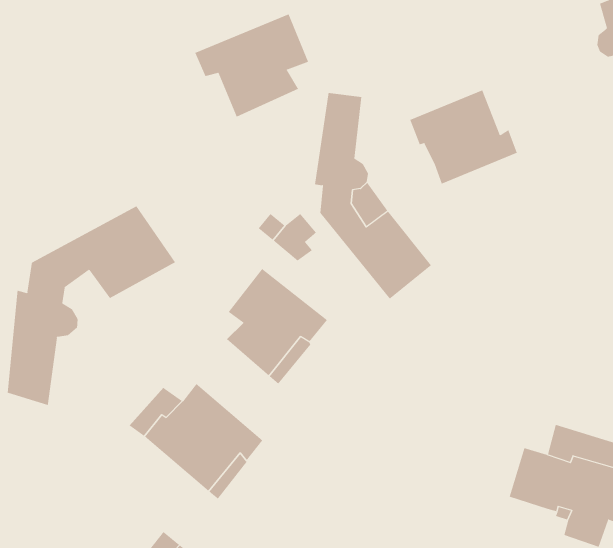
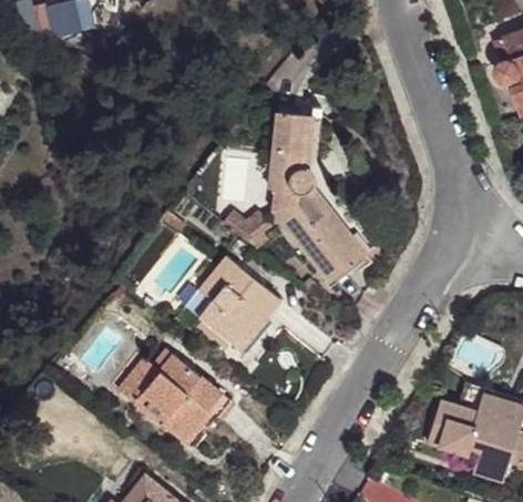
building: [195,13,309,118] -> none
building: [410,89,518,185] -> none
building: [7,206,176,406] -> none

